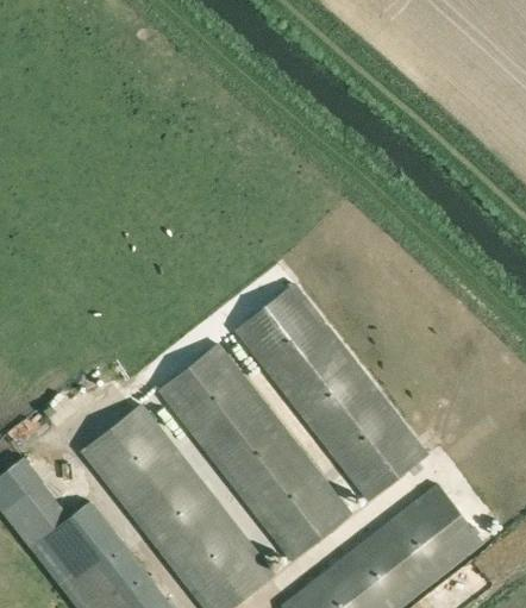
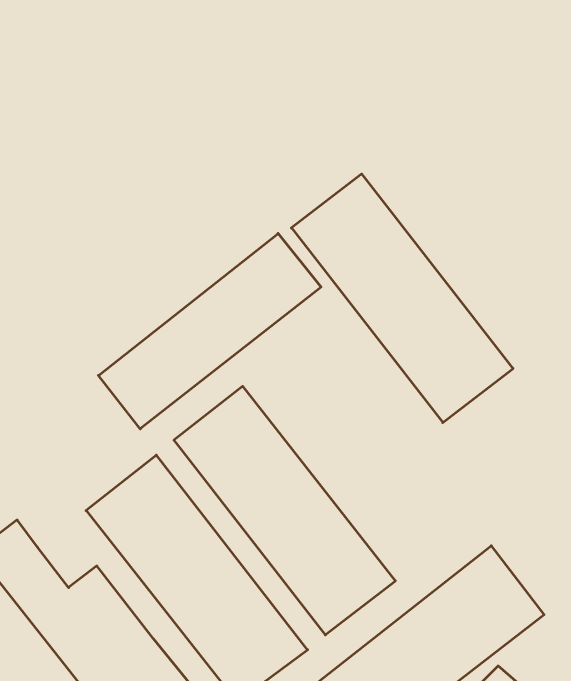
building: none -> [98,233,321,429]
building: [234,283,430,502] -> [291,174,513,423]

